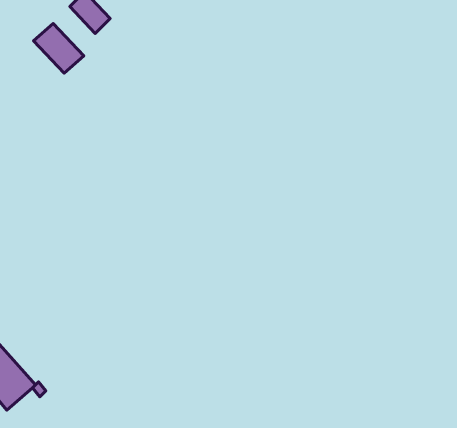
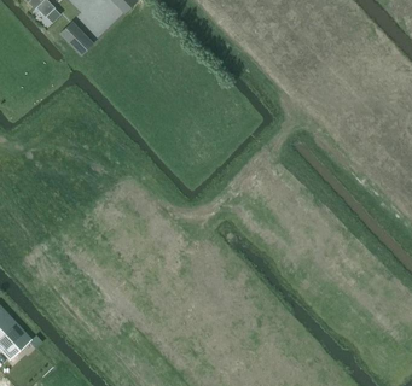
building: [34,23,84,73] -> none

